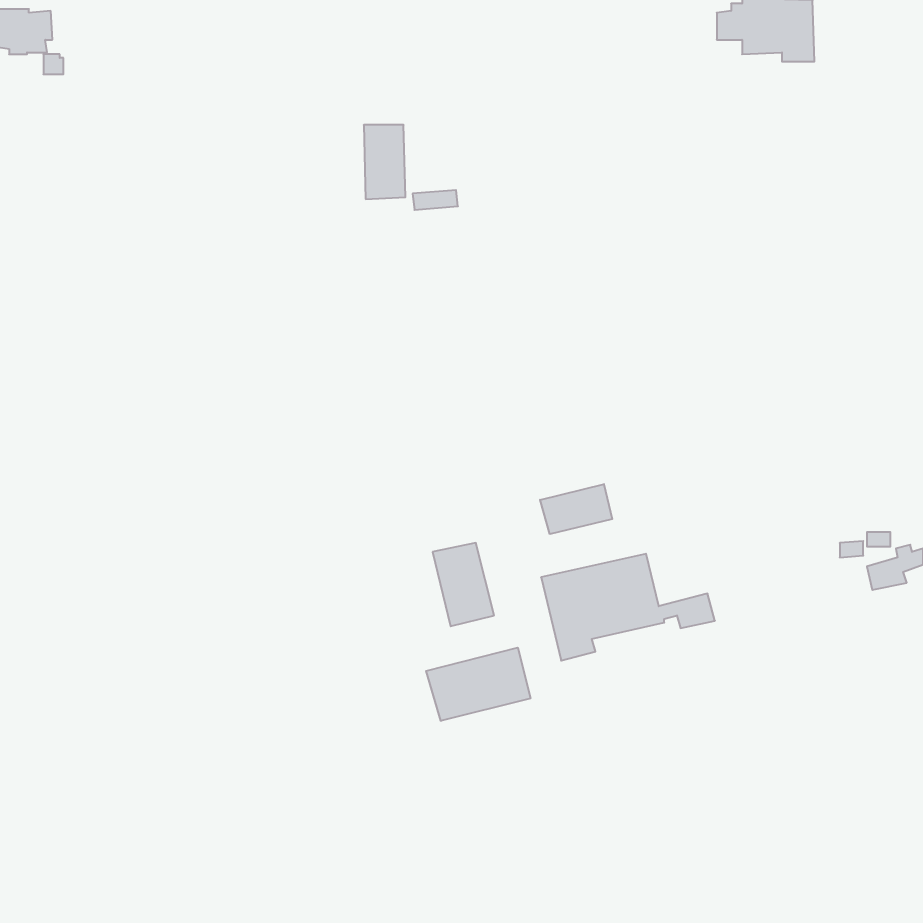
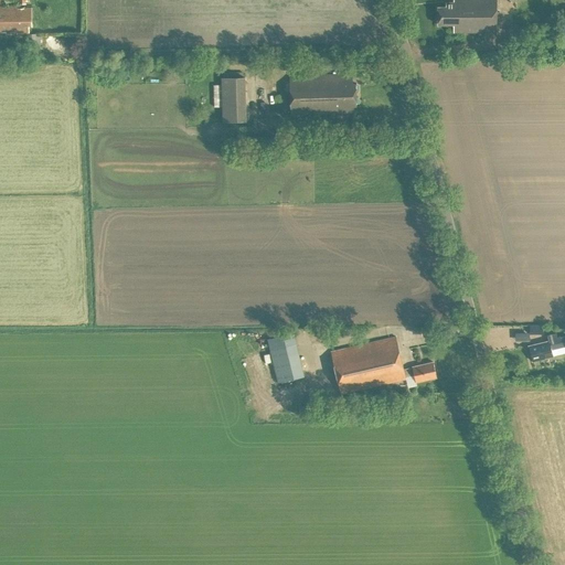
building: none -> [288,74,356,114]
building: [540,484,612,534] -> none
building: [426,648,530,721] -> none

